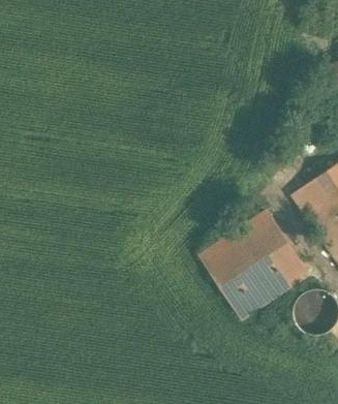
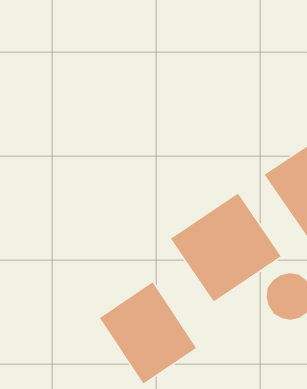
building: none -> [99,281,197,385]

